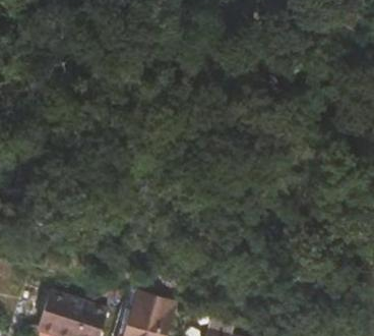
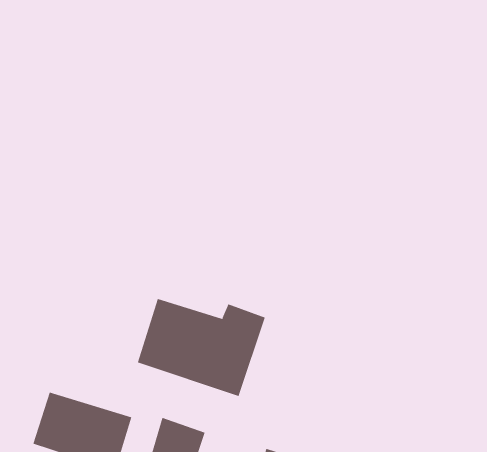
building: none -> [137,298,266,397]

